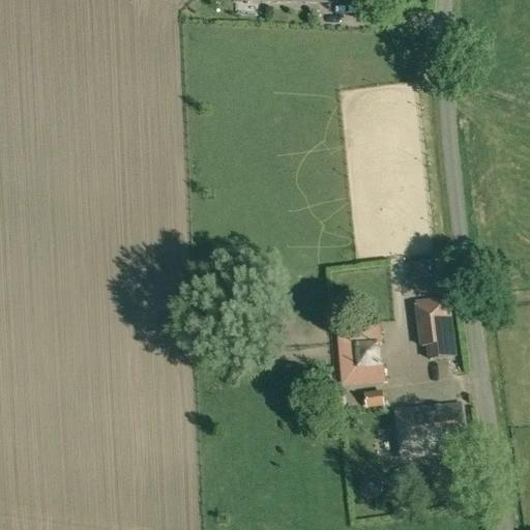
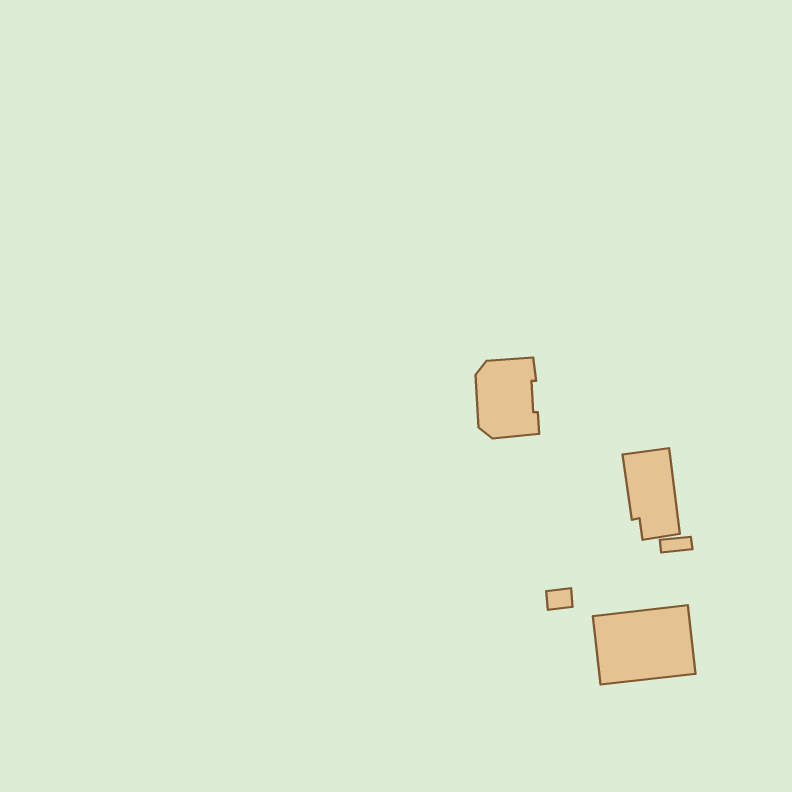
building: [340,328,382,382] -> [475,358,539,439]

